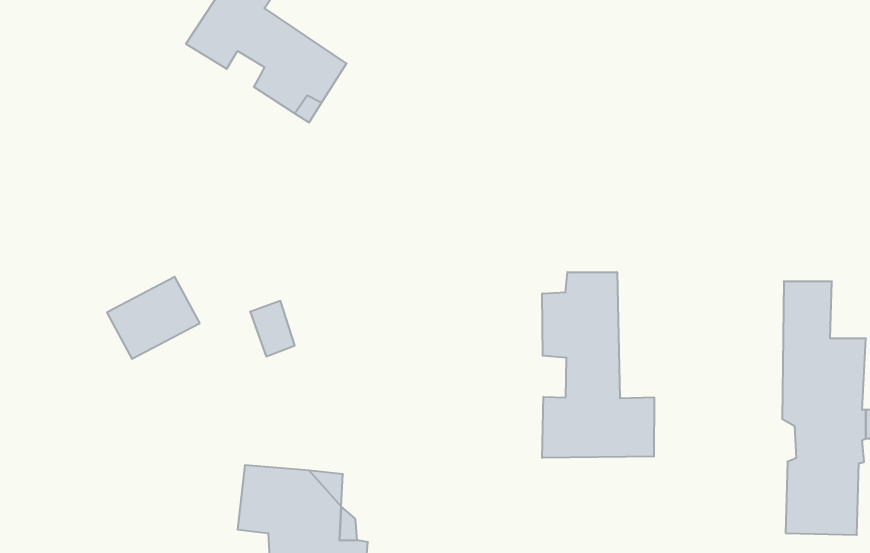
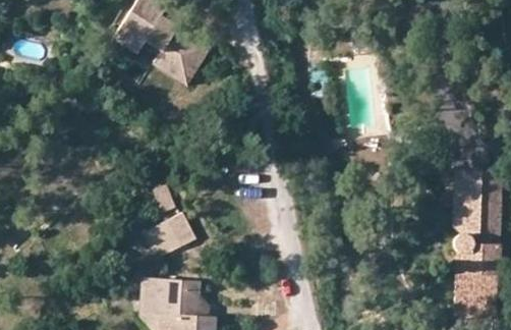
building: [542,272,654,458] -> none
building: [107,277,200,359] -> [144,214,196,261]

